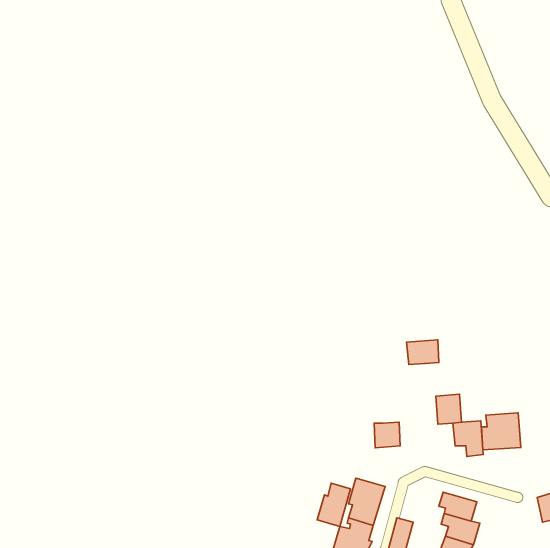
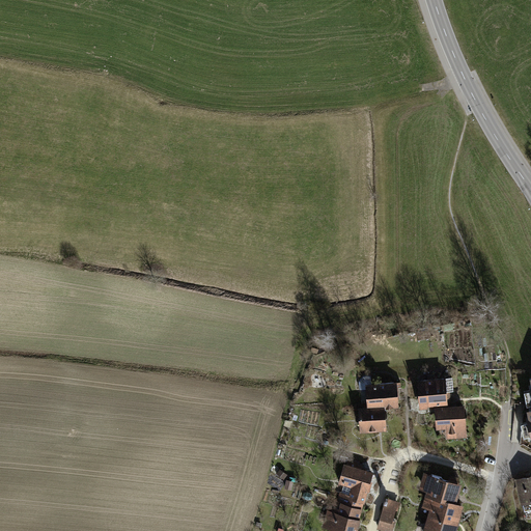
building: [407,340,439,365] -> [367,386,398,410]
building: [482,413,521,450] -> none
building: [317,483,351,526] -> none

